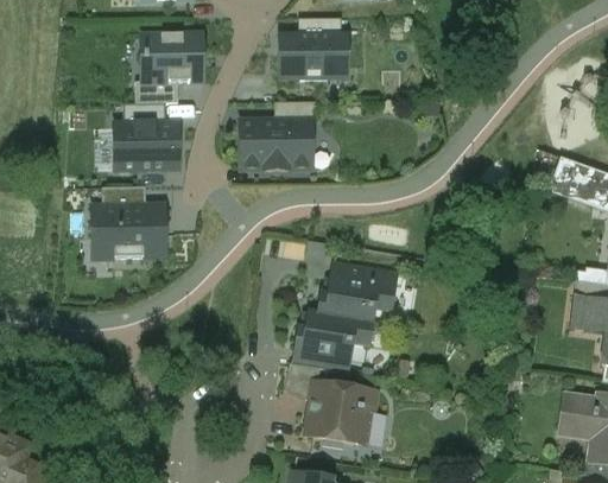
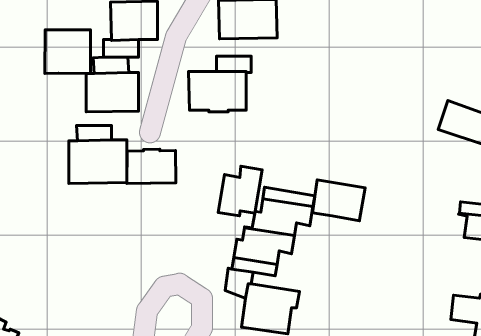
building: none -> [45,30,91,73]
building: none -> [127,149,176,184]
building: none -> [218,166,262,216]
building: none -> [312,180,365,221]

